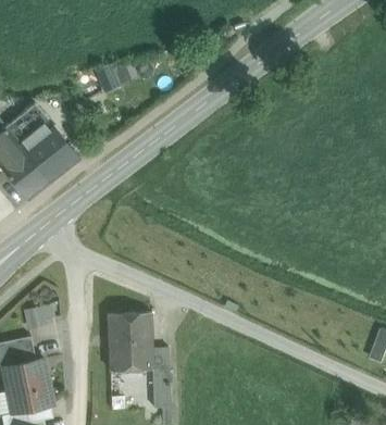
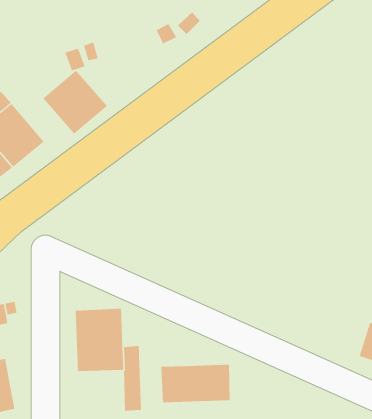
building: none -> [42,70,108,135]
building: none -> [161,364,230,403]

